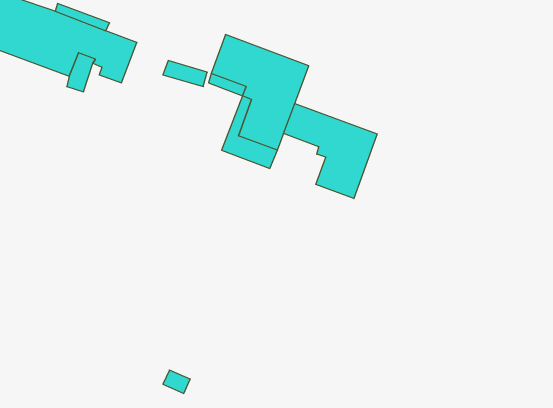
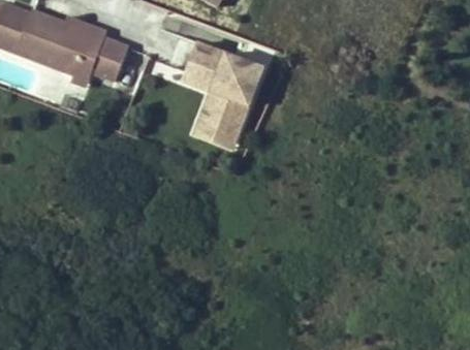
building: [284,103,377,199] -> none

